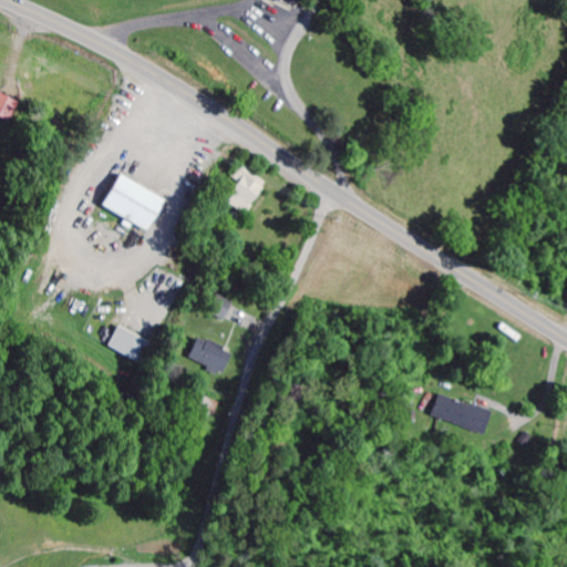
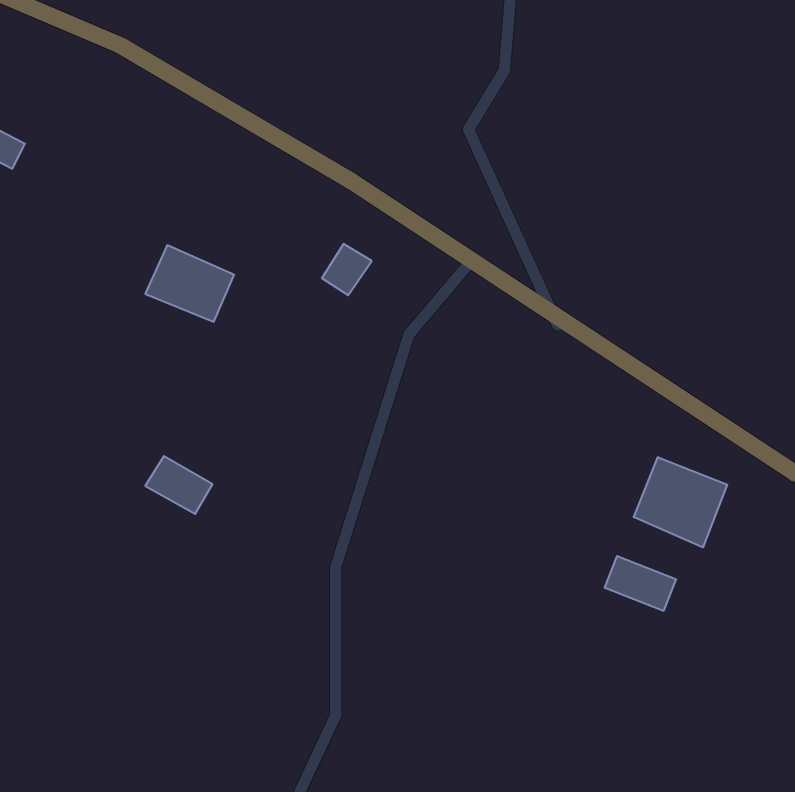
building: none -> [634,457,727,547]
building: [186,336,230,372] -> none

